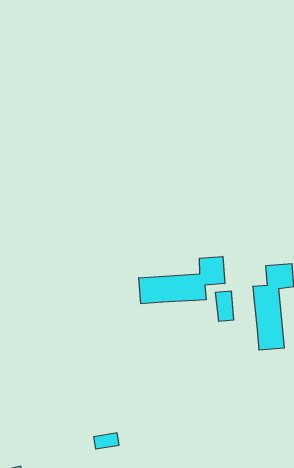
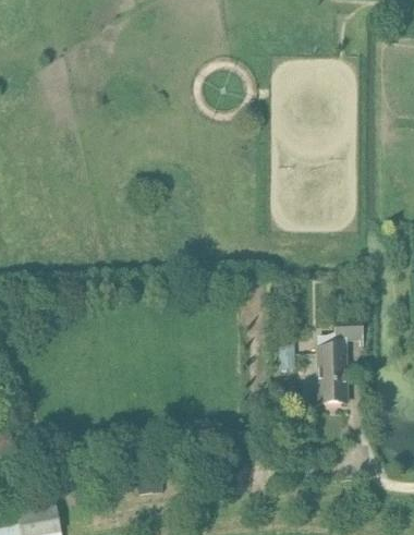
building: [139,256,225,304] -> none

